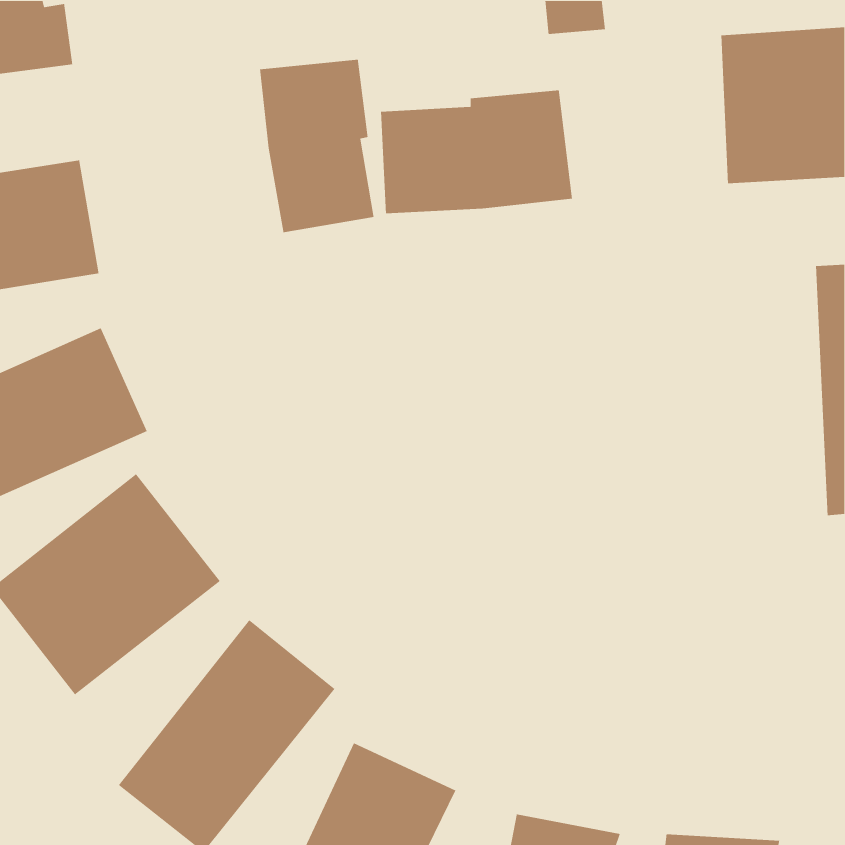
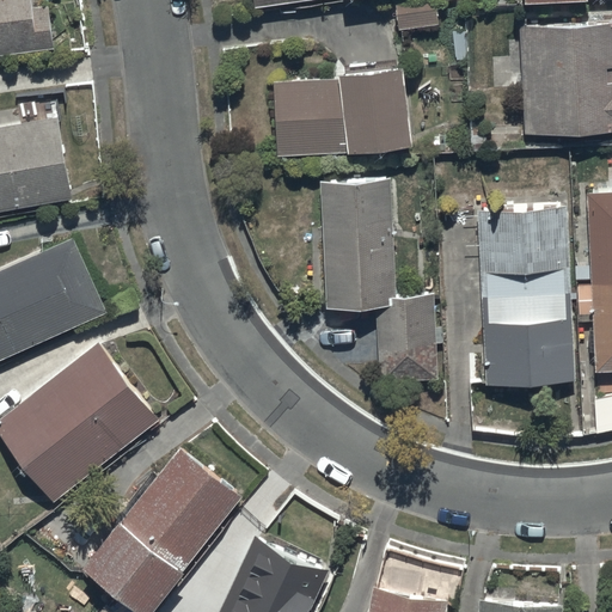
building: [259,59,375,233] -> none
building: none -> [320,178,437,384]
building: none -> [476,207,575,386]

